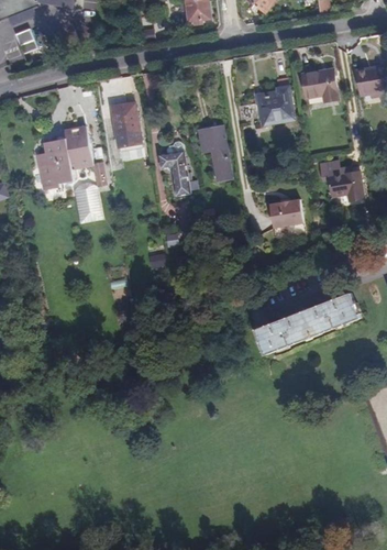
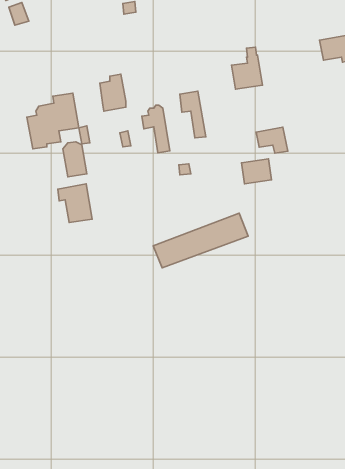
building: [301,67,336,99] -> none
building: [328,168,363,197] -> [256,127,288,153]
building: none -> [58,184,92,222]
building: [255,293,360,353] -> [153,213,248,268]

